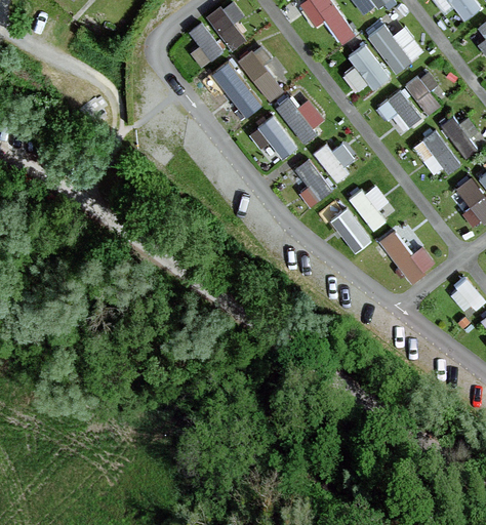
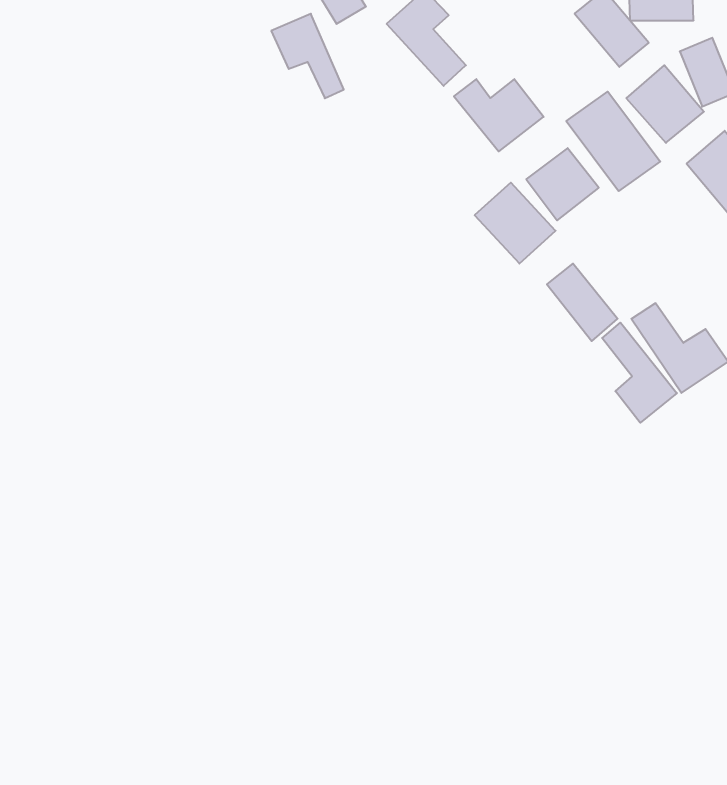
building: [216,64,259,114] -> [271,14,344,98]
building: none -> [566,92,660,191]
building: [252,114,297,161] -> none
building: [350,183,394,227] -> none
building: none -> [602,323,677,423]

